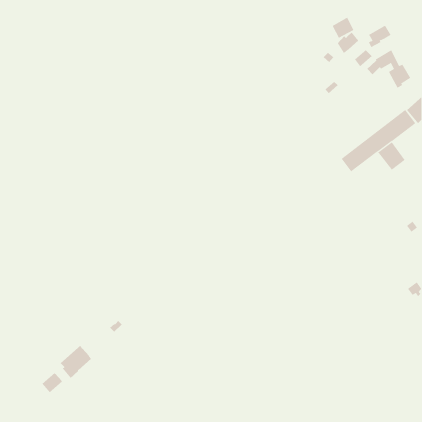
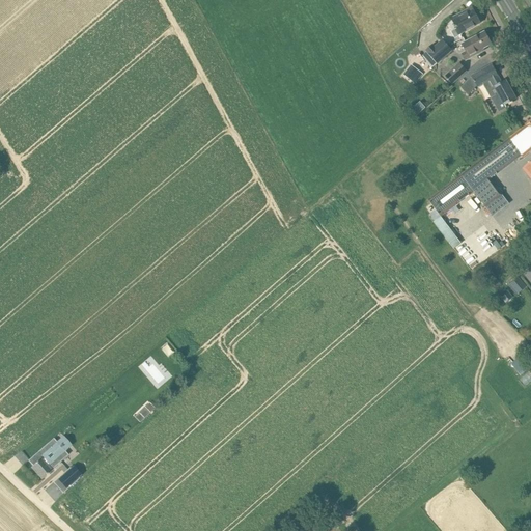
building: [332,17,354,38] -> [451,6,479,33]
building: [60,345,92,379] -> [27,437,67,479]

